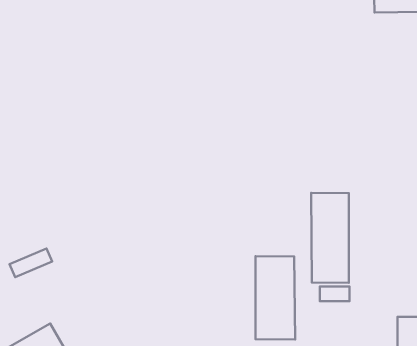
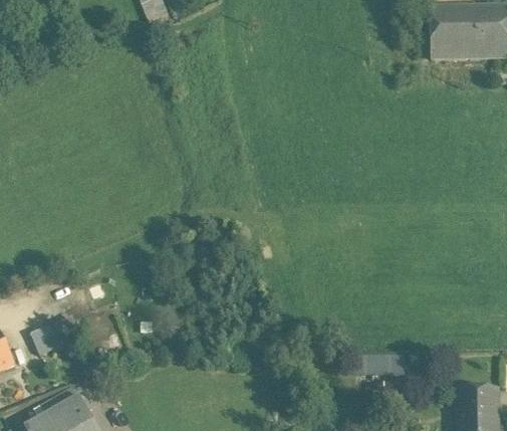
building: [311,193,349,283] -> none
building: [255,256,295,340] -> none

